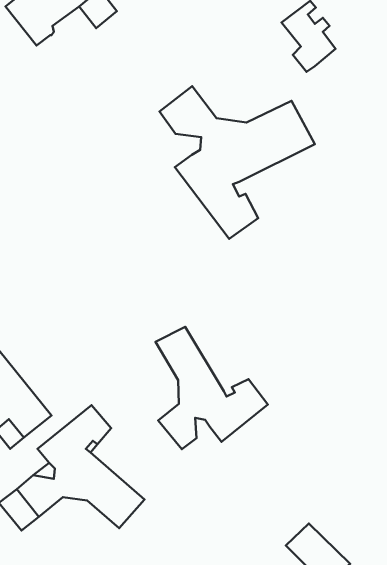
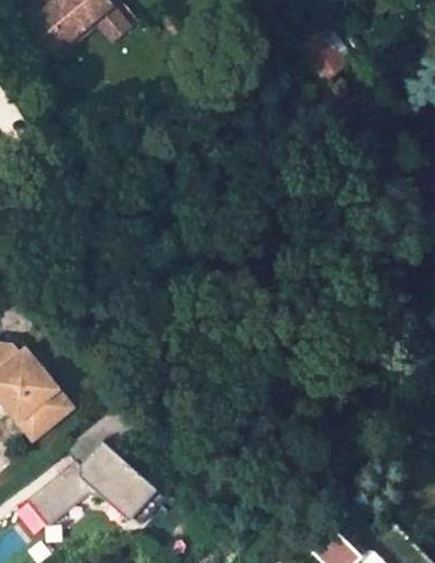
building: [160,86,315,239] -> none
building: [156,327,268,449] -> none

